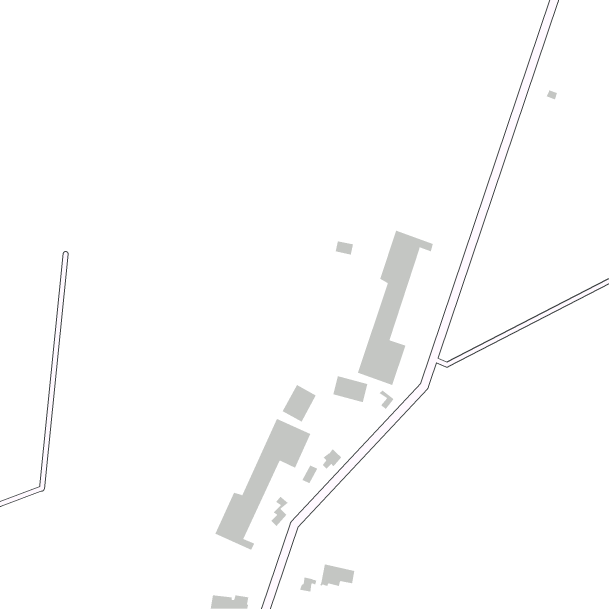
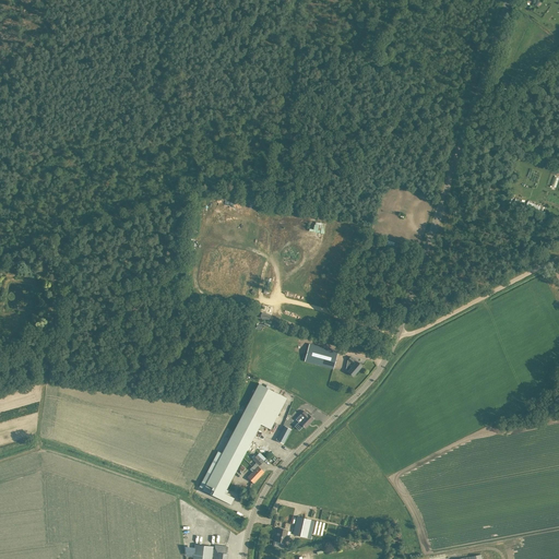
building: [357,230,434,386] -> none
building: [282,384,317,423] -> none

